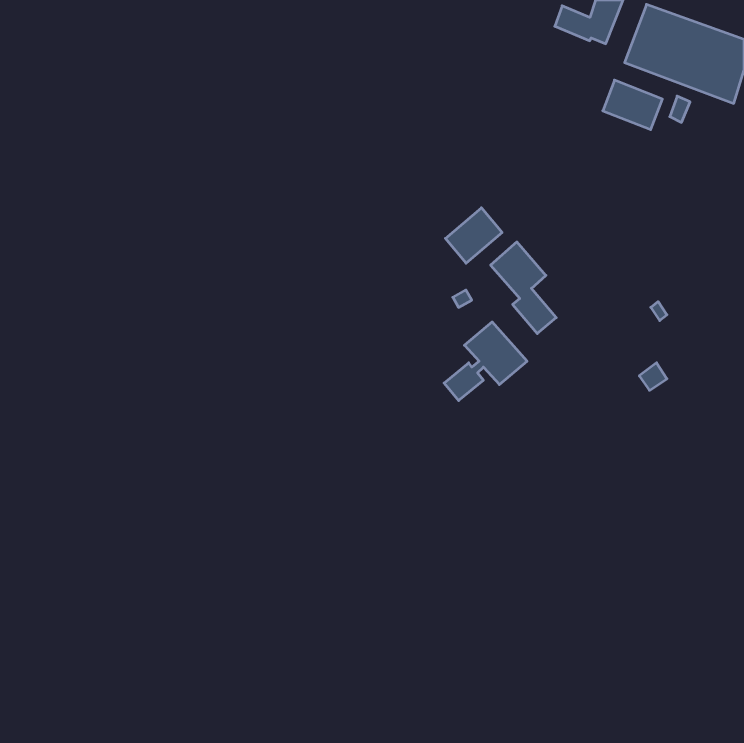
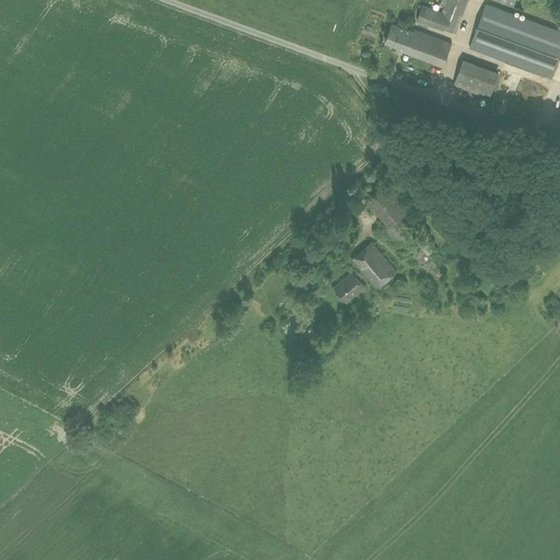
building: none -> [384,24,451,67]
building: [445,208,502,263] -> none

